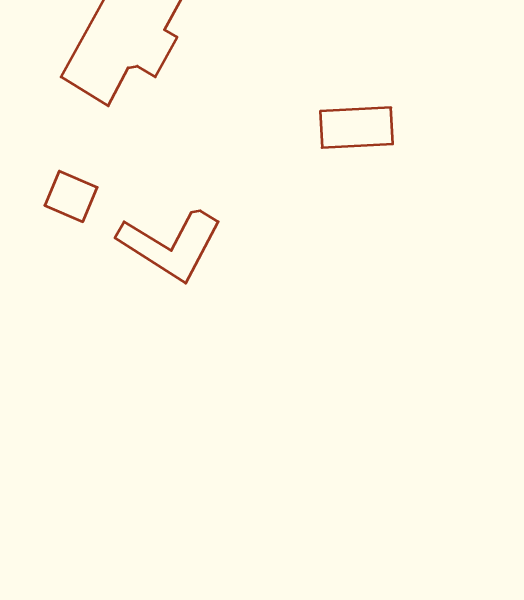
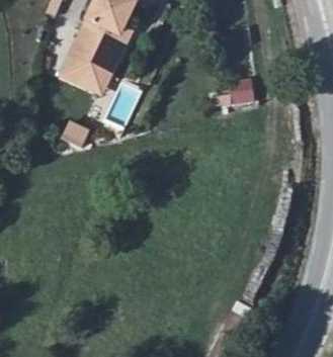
building: [115,211,218,283] -> [59,57,116,97]

